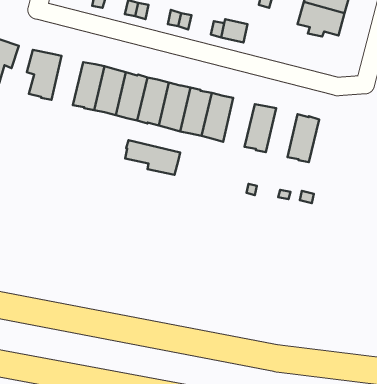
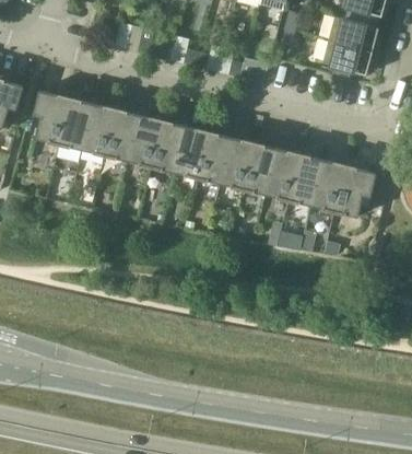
building: none -> [59,97,93,150]
building: none -> [243,142,276,195]
building: none -> [289,153,322,206]
building: none -> [334,165,377,217]
building: [125,140,180,175] -> none

